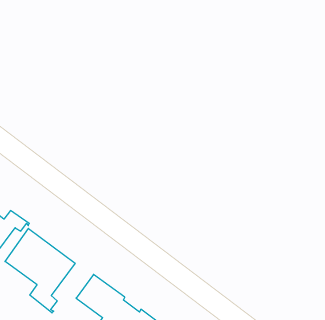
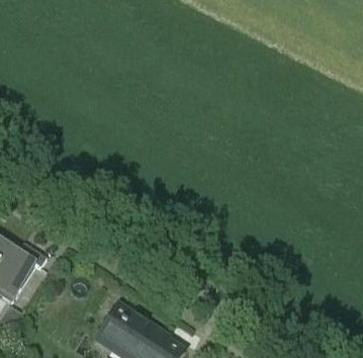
building: [5,228,75,313] -> none

